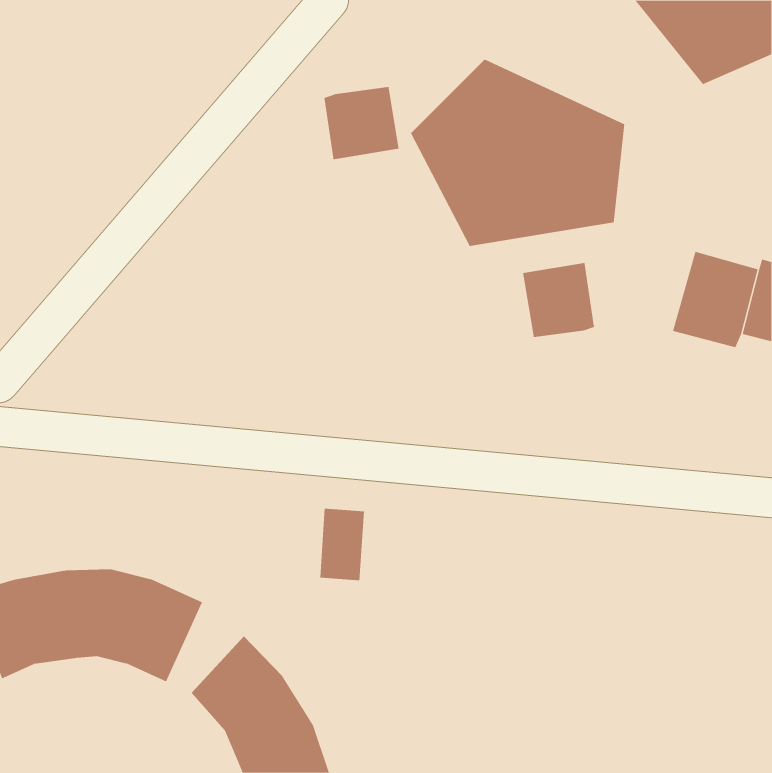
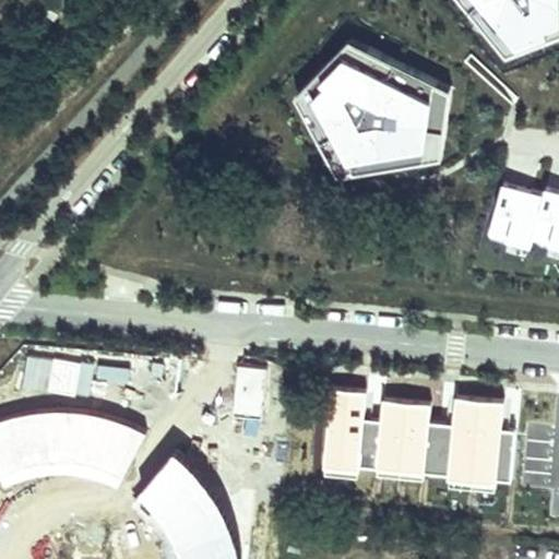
building: [324,86,399,160] -> none
building: [522,262,595,338] -> none
building: none -> [321,385,514,492]

